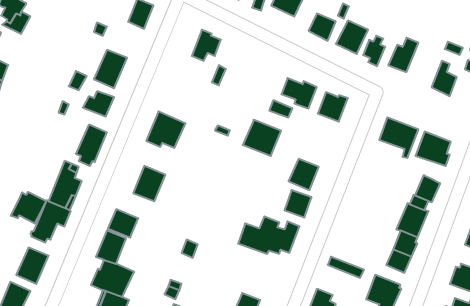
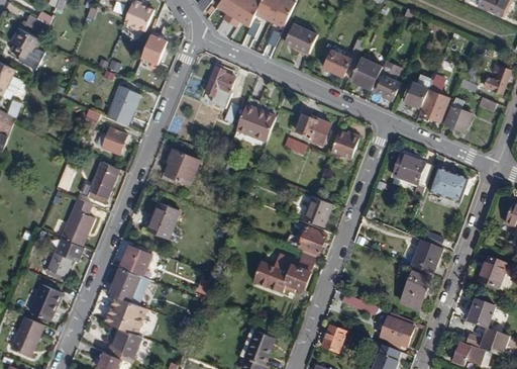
building: none -> [420,75,448,121]
building: [243,120,281,156] -> [237,103,276,140]
building: [415,175,440,202] -> none
building: [11,192,46,224] -> none

